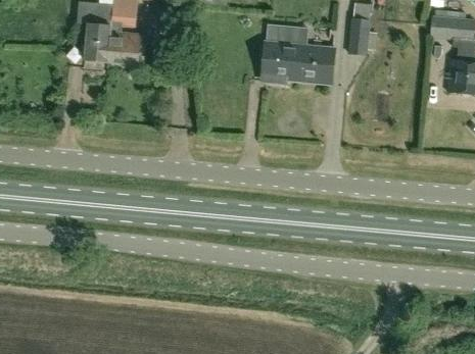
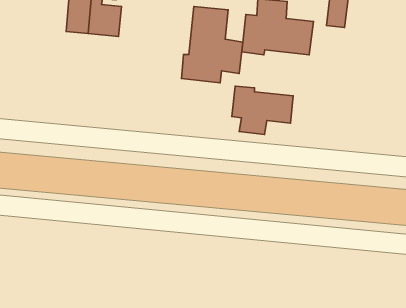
building: none -> [181,6,243,83]
building: none -> [232,86,293,134]

